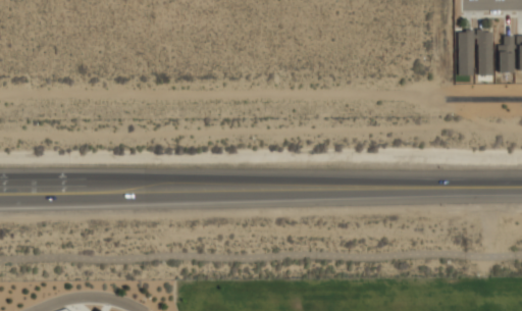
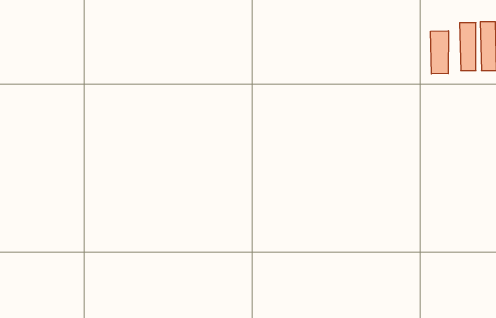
building: none -> [431,31,448,74]

